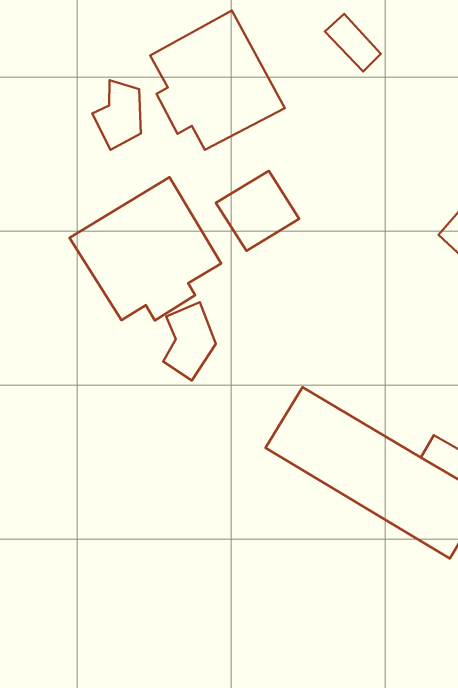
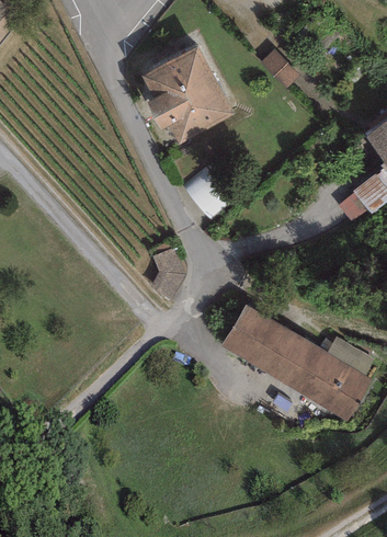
building: [92,80,141,150] -> none
building: [70,177,221,321] -> none

